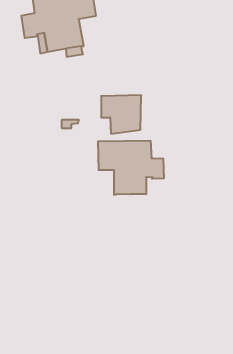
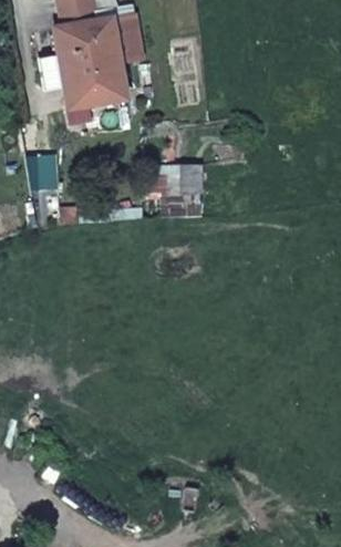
building: [98,141,164,195] -> none

